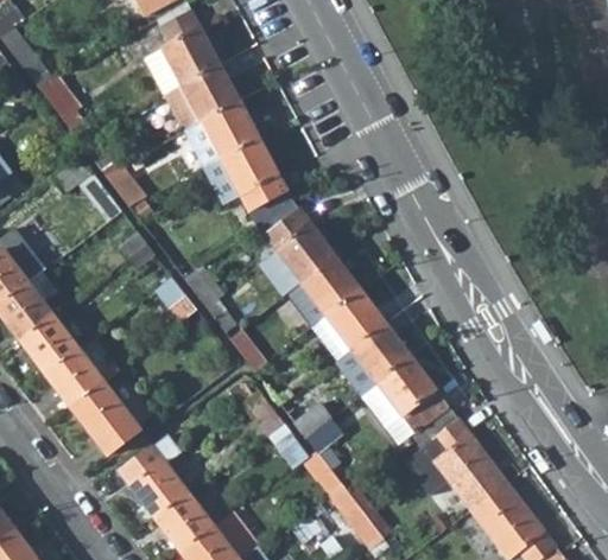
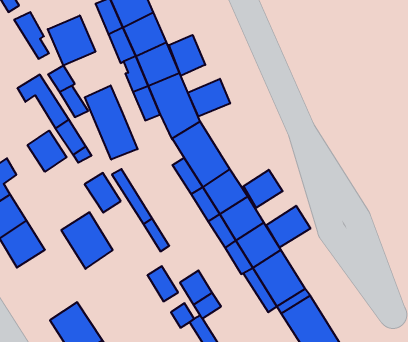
building: none -> [48,15,95,66]
building: none -> [168,35,205,76]
building: none -> [188,79,230,117]
building: none -> [85,85,138,160]
building: none -> [28,131,67,172]
building: none -> [243,170,283,208]
building: none -> [266,206,310,248]
building: [71,381,140,454] -> [61,212,113,269]

